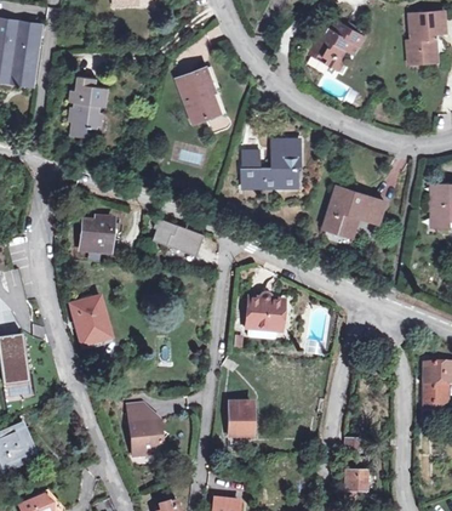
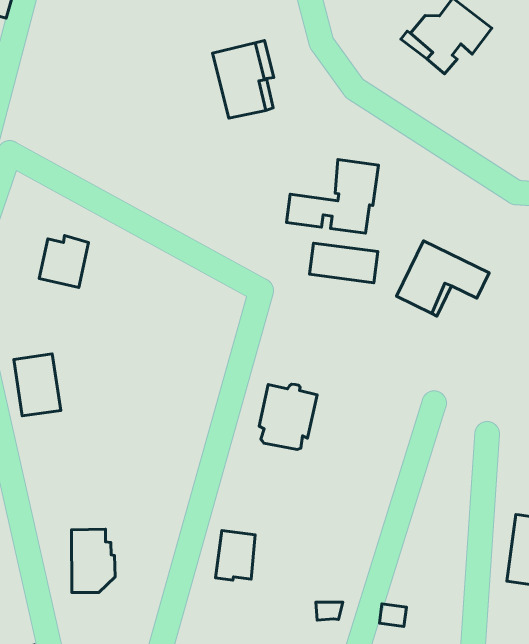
building: [69,76,104,137] -> none
building: none -> [310,243,378,283]
building: [154,218,200,252] -> none

